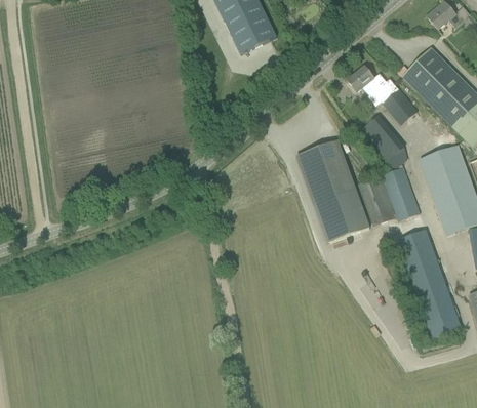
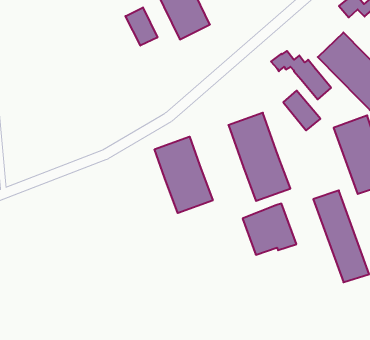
building: none -> [125,7,157,46]
building: [358,166,421,226] -> [243,204,296,255]
building: none -> [155,137,213,213]

